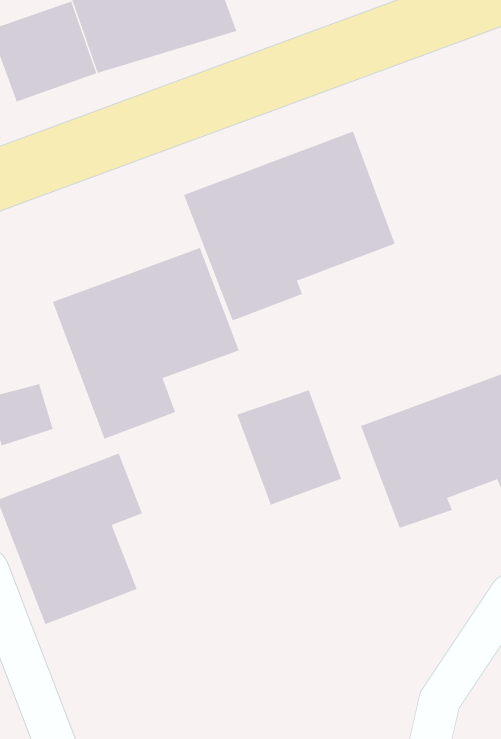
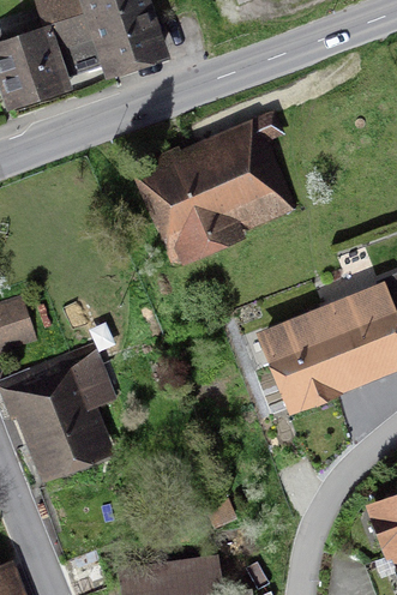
building: [52,247,239,439] -> none
building: [237,389,342,505] -> none

